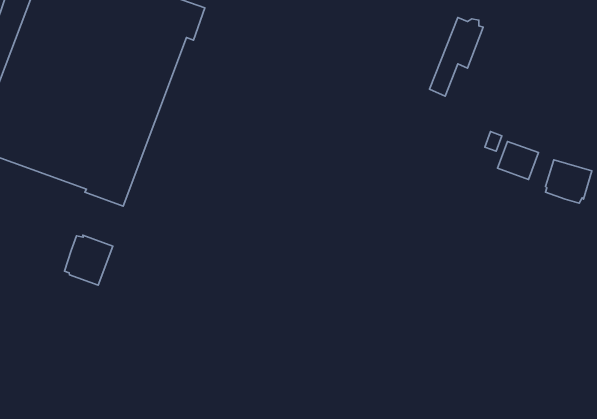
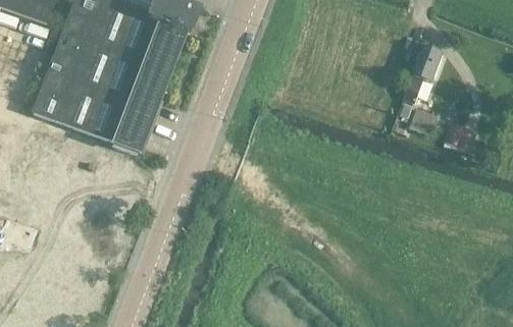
building: [430,17,483,96] -> [405,45,444,102]
building: [65,235,113,285] -> none

